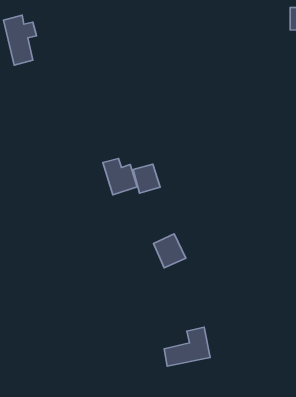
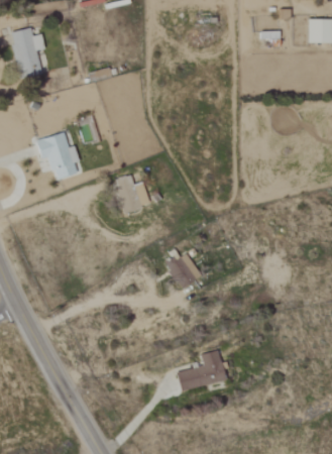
building: none -> [35,132,79,179]
building: [133,164,160,193] -> none

